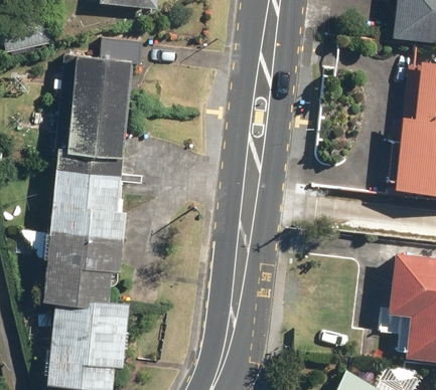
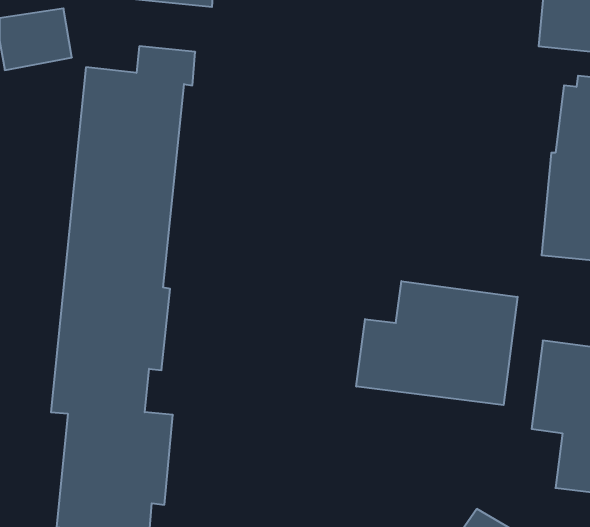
building: none -> [356,281,518,405]

